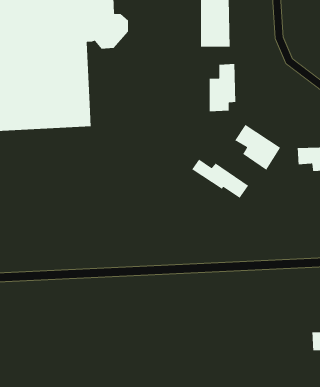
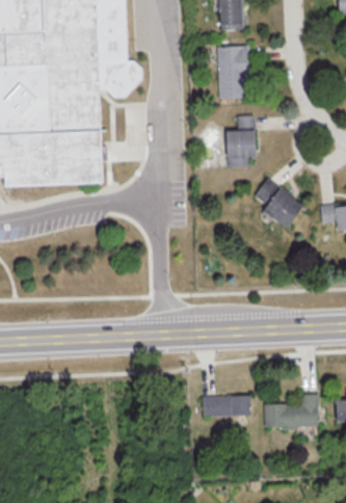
building: [191,158,249,199] -> none
building: none -> [264,393,318,427]
building: none -> [202,395,250,416]

